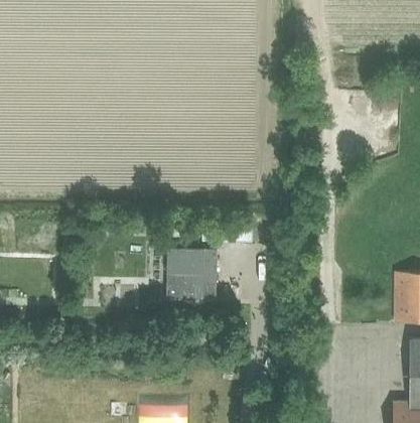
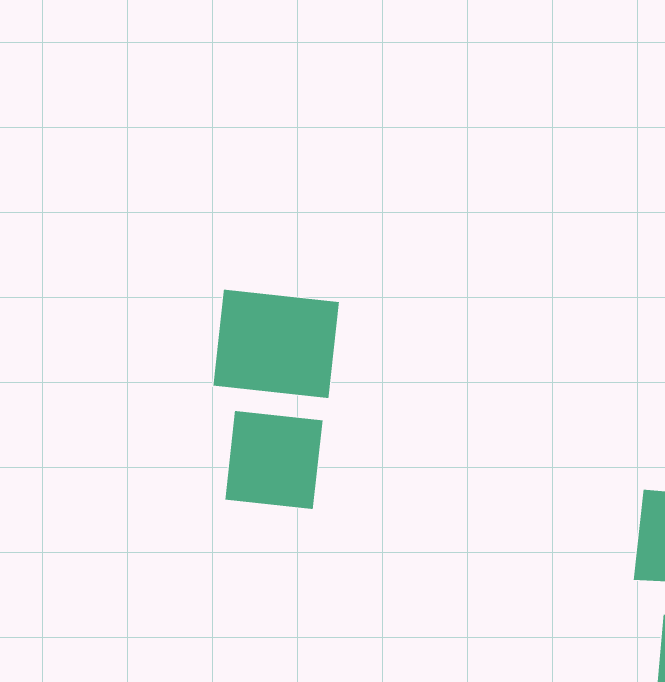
building: none -> [213,289,339,399]

